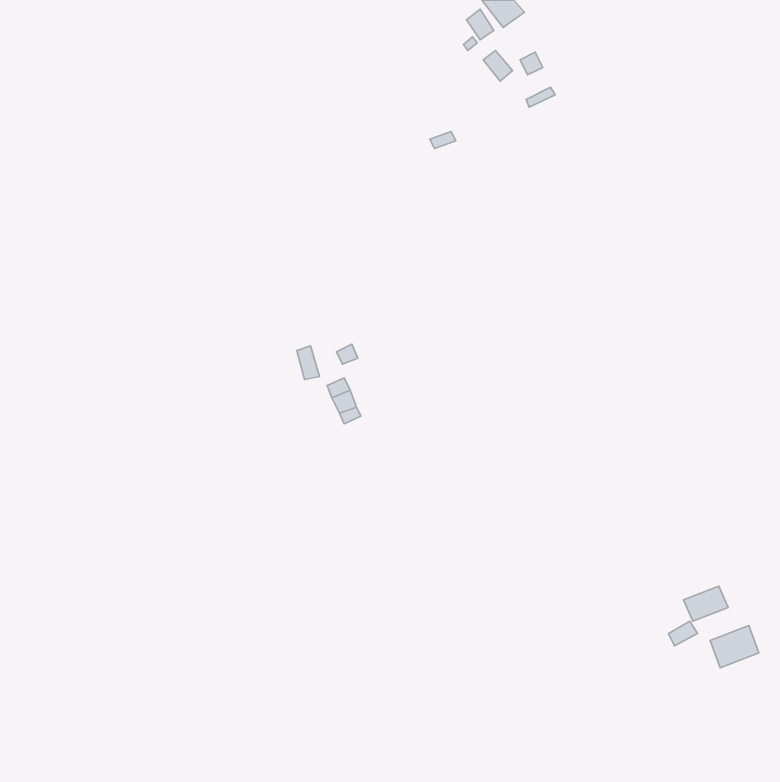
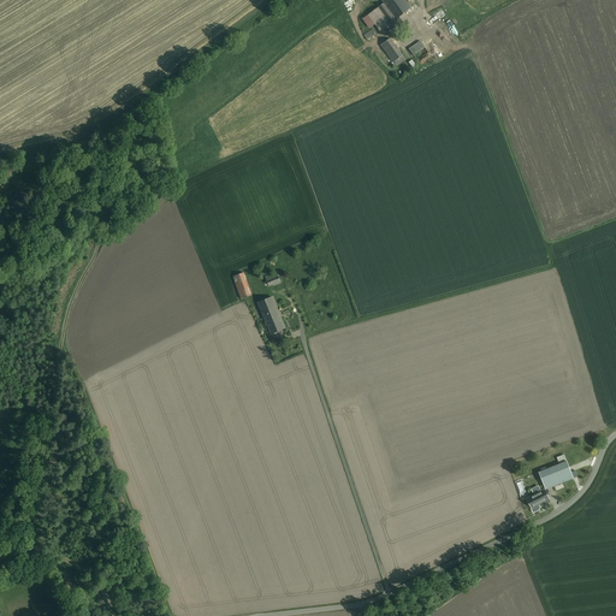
building: [710,625,759,668] -> none

